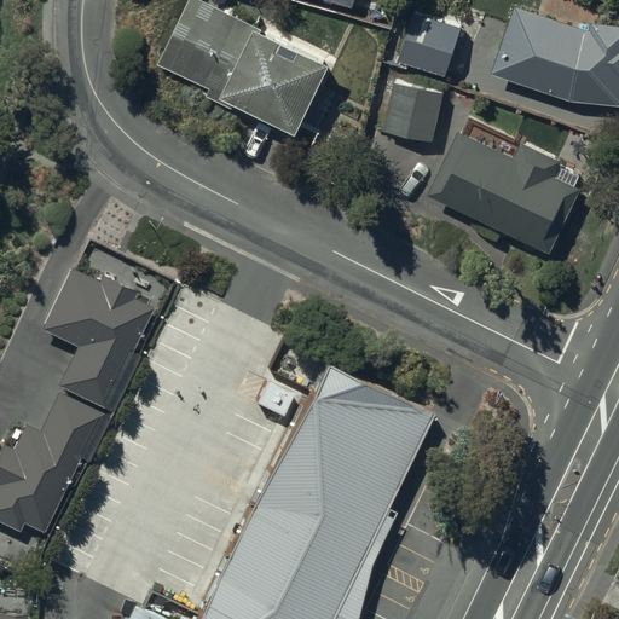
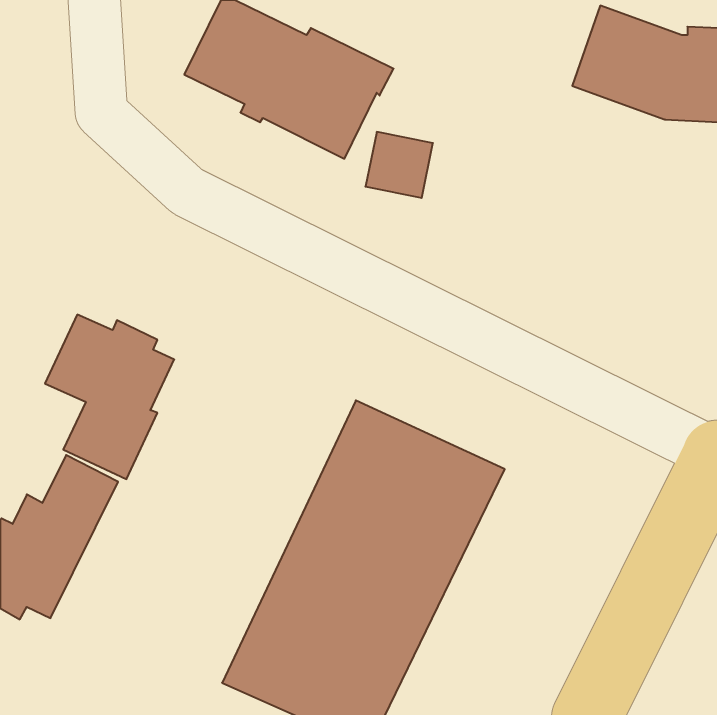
building: [401,13,473,80] -> none
building: [384,87,442,144] -> [365,132,433,198]
building: [429,133,589,255] -> none

